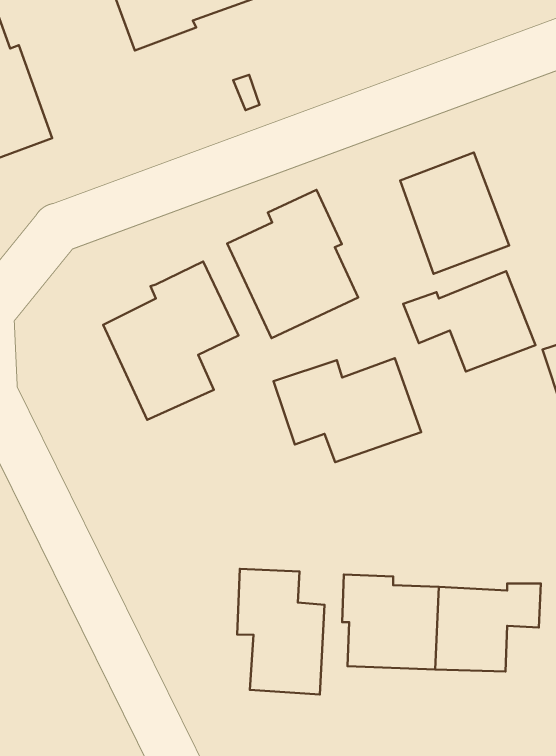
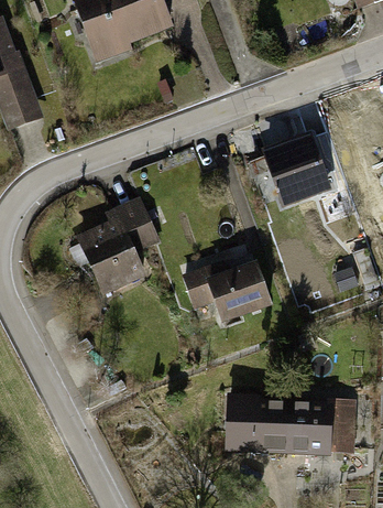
building: [227,190,358,338] -> none
building: [403,271,536,371] -> none
building: [237,569,325,694] -> none

